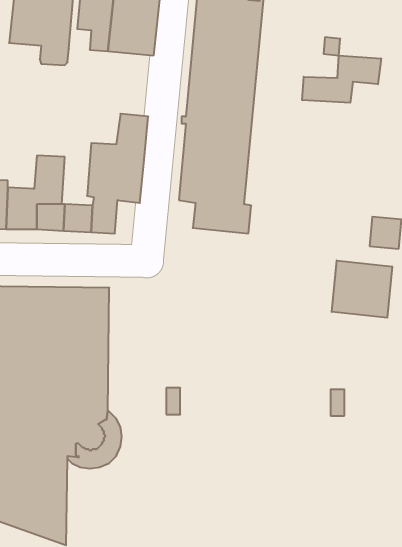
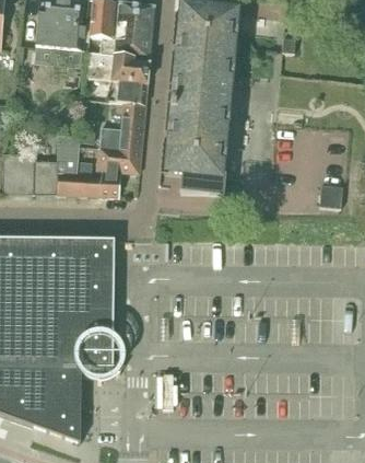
building: none -> [83,50,149,104]
building: [302,55,381,103] -> none
building: [332,260,392,318] -> none

